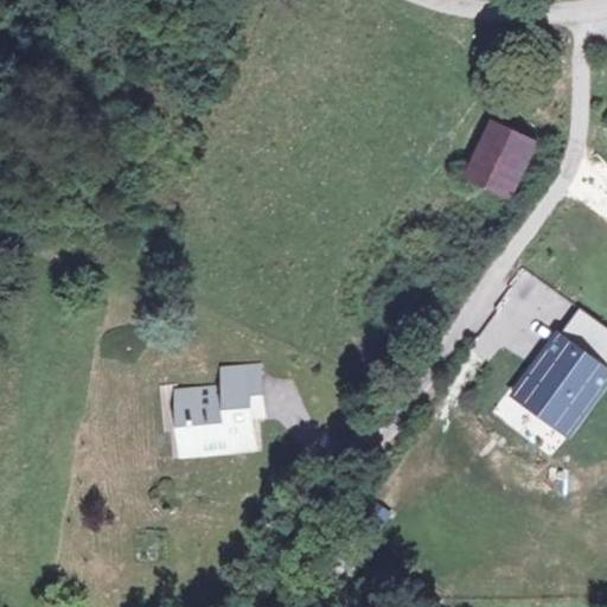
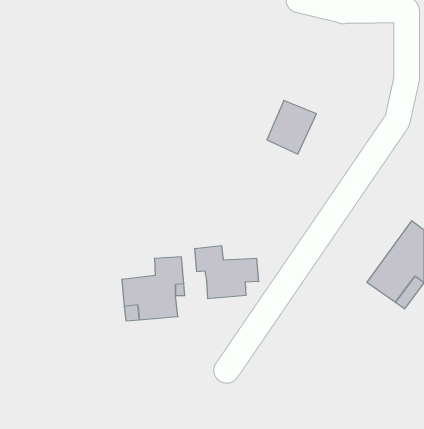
building: [464,123,533,199] -> [267,100,316,154]
building: none -> [195,246,258,299]

